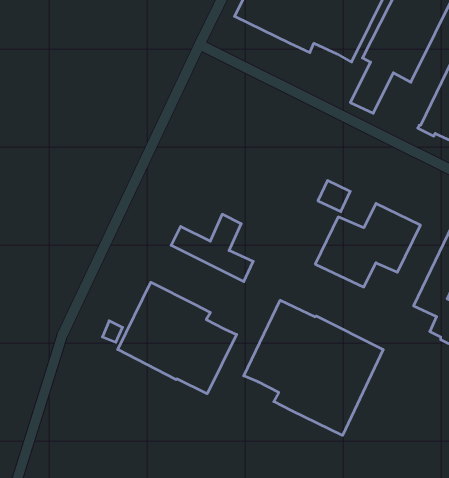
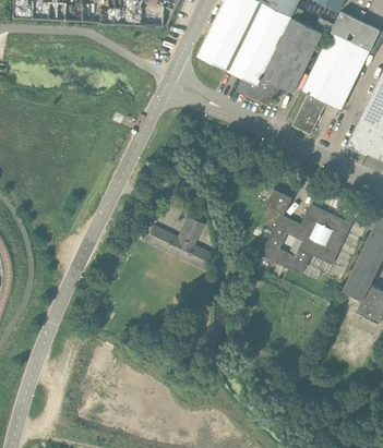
building: none -> [236,77,280,106]
building: [118,282,237,394] -> none
building: [244,300,383,435] -> none

